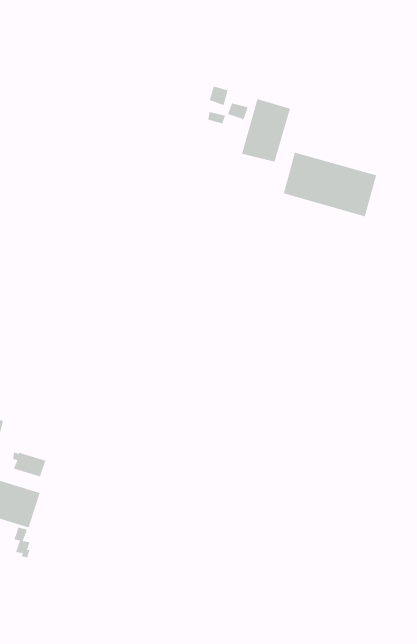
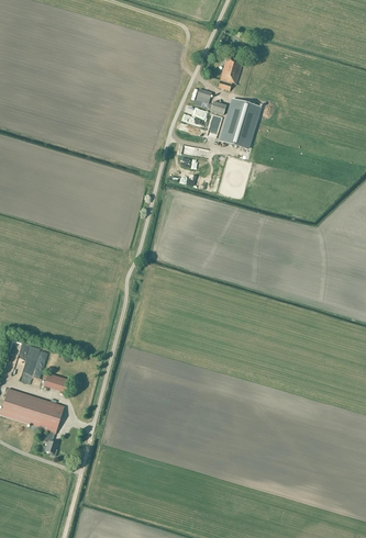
building: none -> [217,56,242,89]
building: [283,152,377,217] -> none

